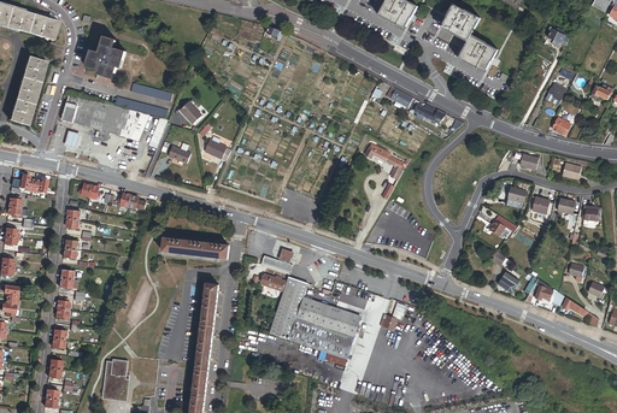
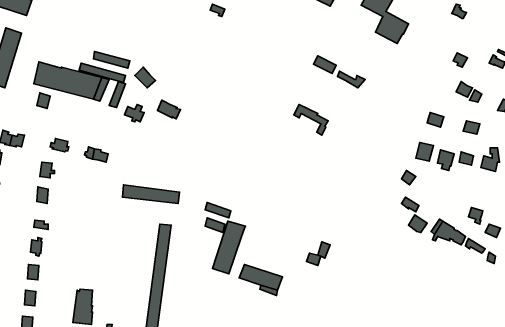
building: [83,34,123,77] -> none
building: [287,297,358,344] -> none

